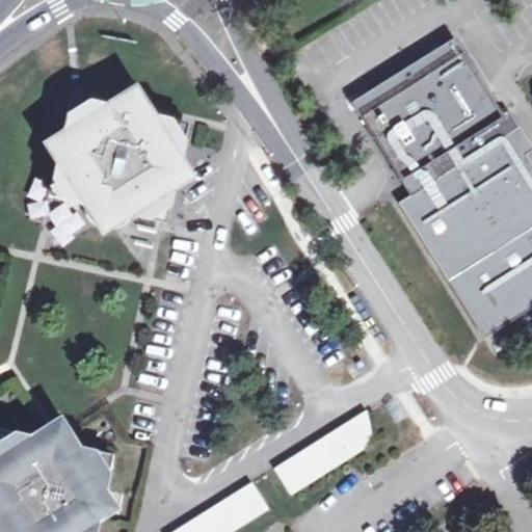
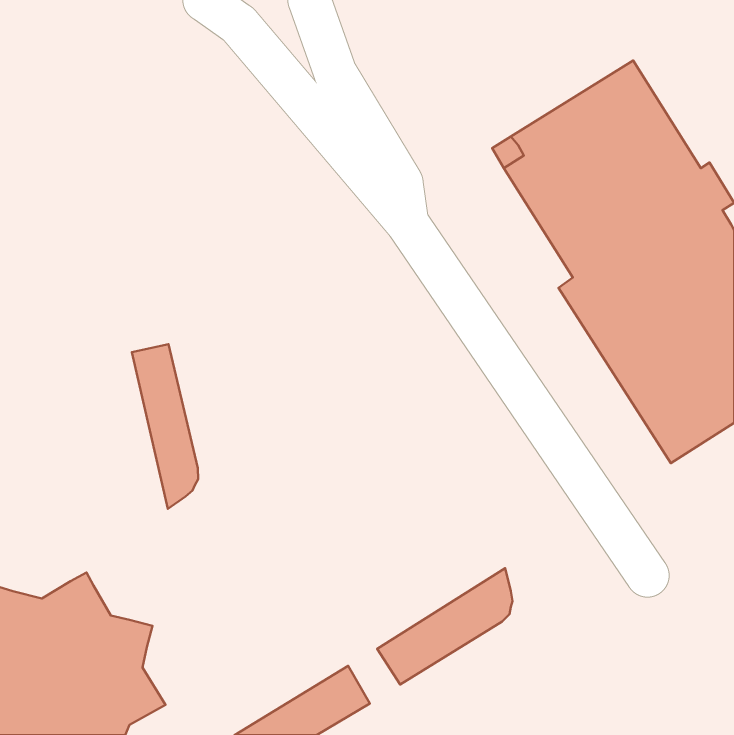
building: [42,82,196,237] -> none
building: none -> [132,344,198,509]

